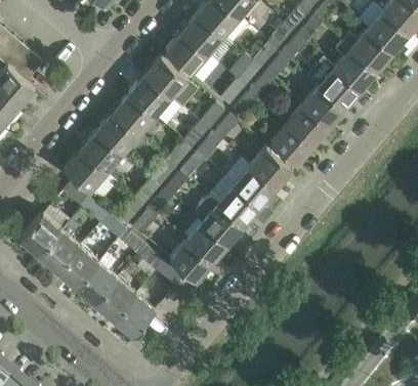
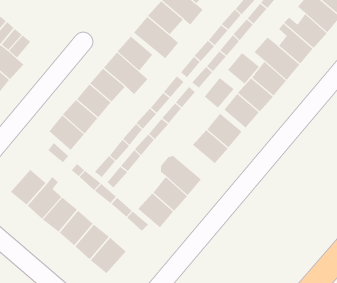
building: none -> [227,52,260,84]
building: none -> [204,77,235,109]
building: [219,182,261,223] -> none

